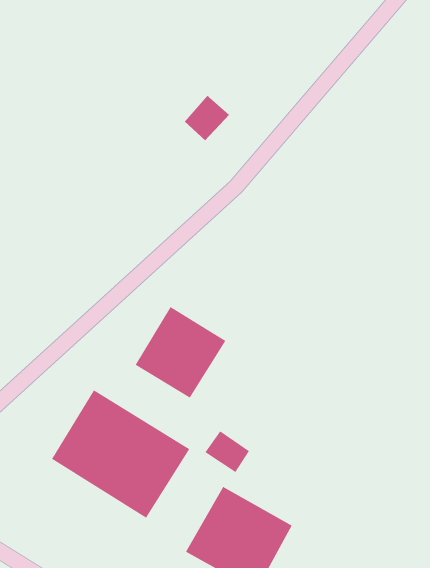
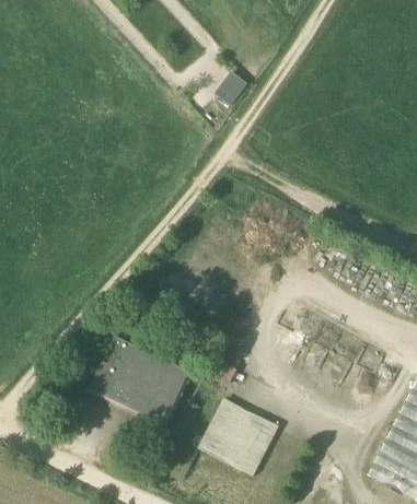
building: [184,95,230,141] -> [211,69,245,104]
building: [135,306,226,399] -> none

